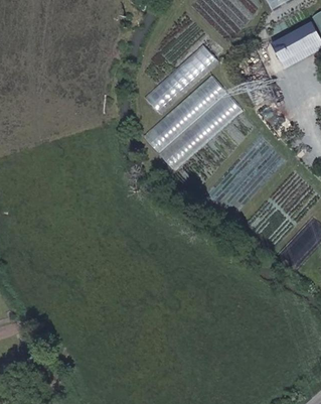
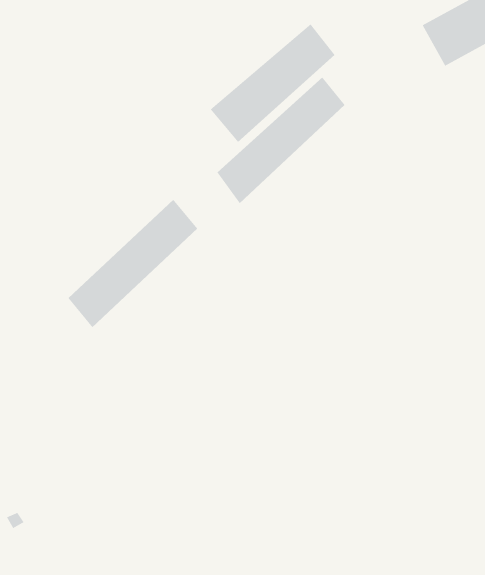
building: [160,93,239,171] -> [67,199,198,328]

